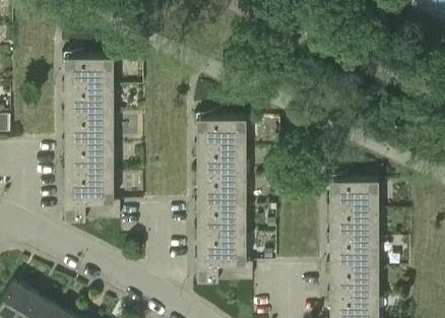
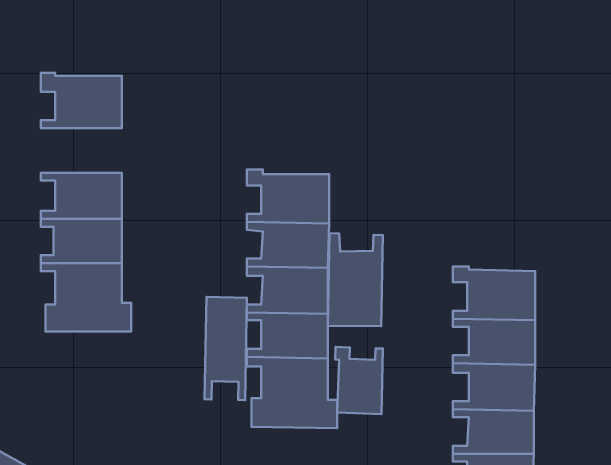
building: [62,84,114,113] -> none
building: none -> [328,233,383,326]
building: none -> [205,297,247,400]
building: none -> [335,347,383,414]

